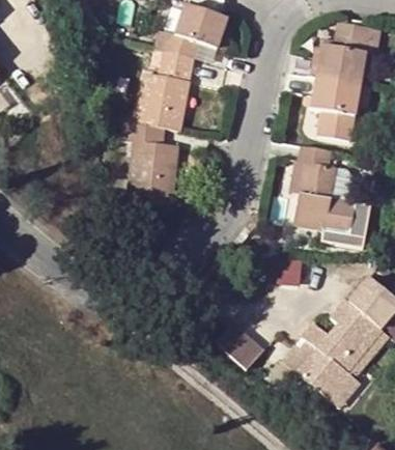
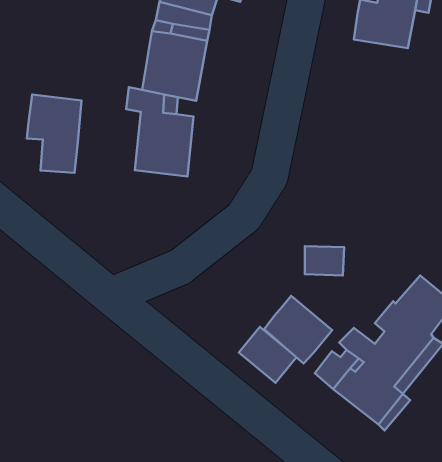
building: [309,78,361,139] -> none
building: none -> [27,95,81,173]
building: [295,146,356,233] -> none
building: none -> [264,296,332,363]

